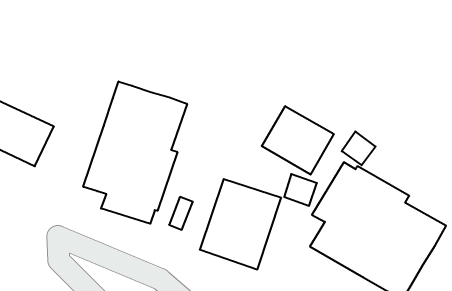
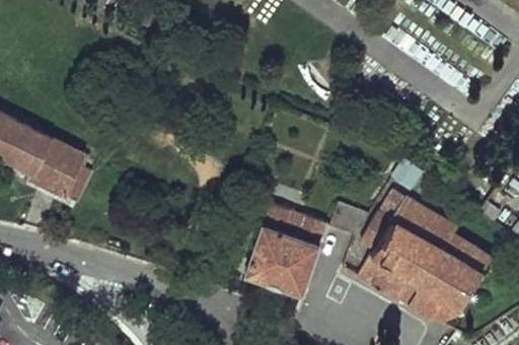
building: [83,81,187,224] -> none
building: [262,106,334,175] -> none

